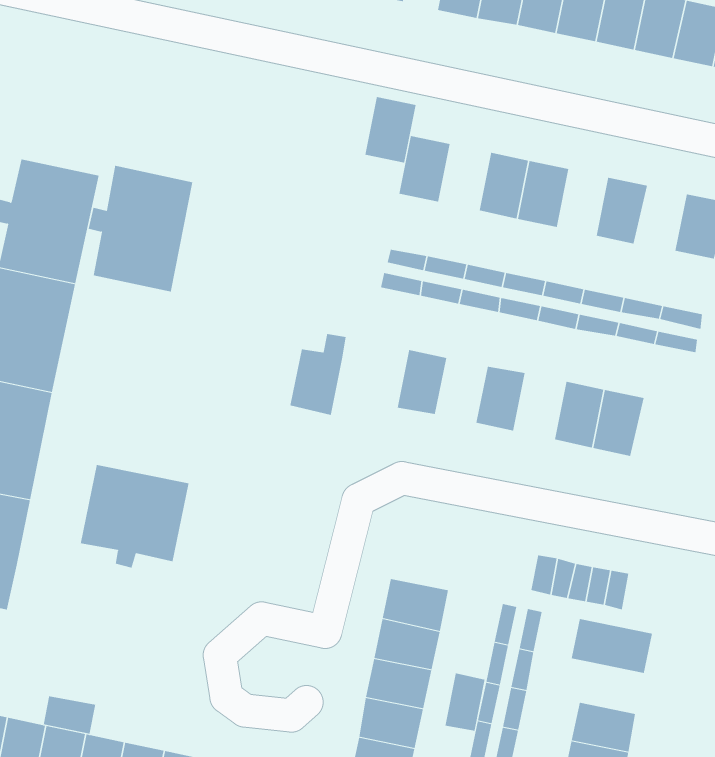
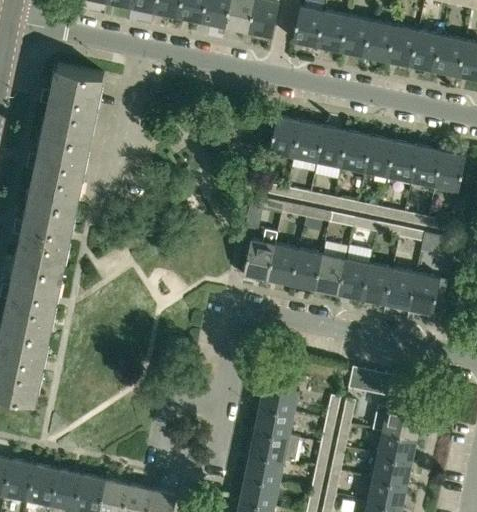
building: [365,96,416,163] -> [293,121,324,161]
building: [88,165,193,292] -> [40,64,103,140]
building: none -> [364,136,394,176]
building: none -> [410,146,441,185]
building: [290,334,346,416] -> [243,230,277,279]
building: none -> [291,249,322,288]
building: none -> [338,258,369,298]
building: none -> [408,273,440,313]
building: [80,464,189,569] -> none
building: none -> [377,431,416,462]
building: [445,672,485,732] -> none
building: [43,696,96,735] -> none

